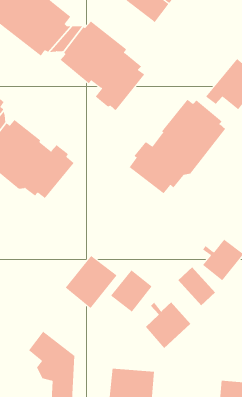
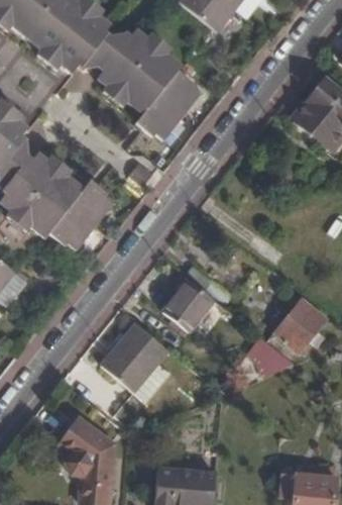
building: [129,99,226,194] -> none
building: [110,270,152,313] -> [157,275,210,328]
building: [145,302,191,349] -> none

